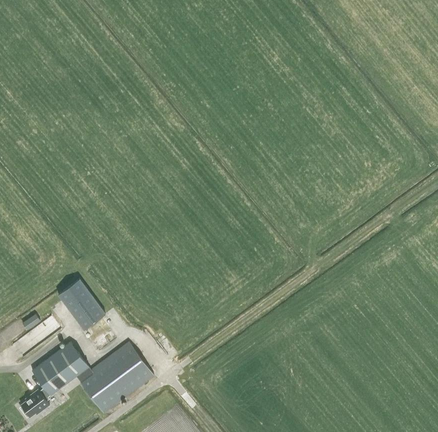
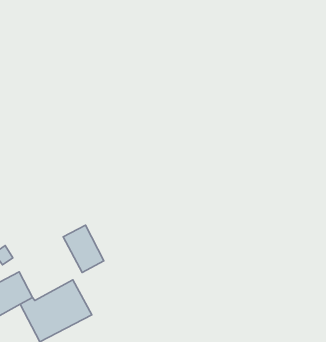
building: [58,279,105,330] -> [63,225,104,273]

